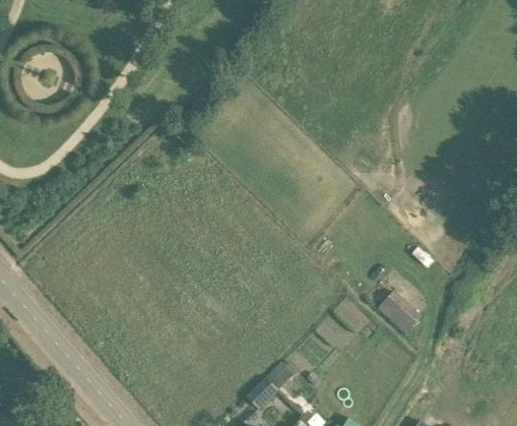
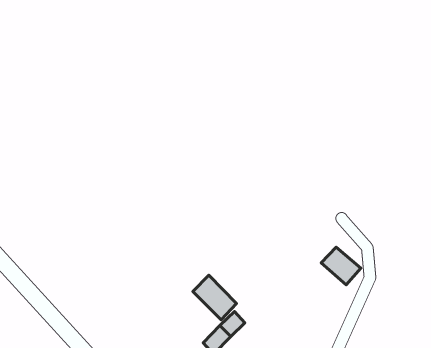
building: none -> [193,275,236,320]

